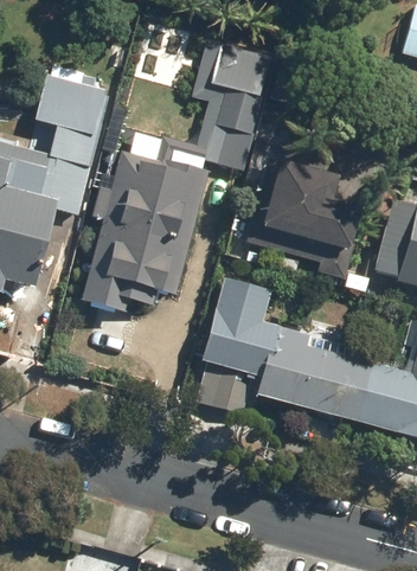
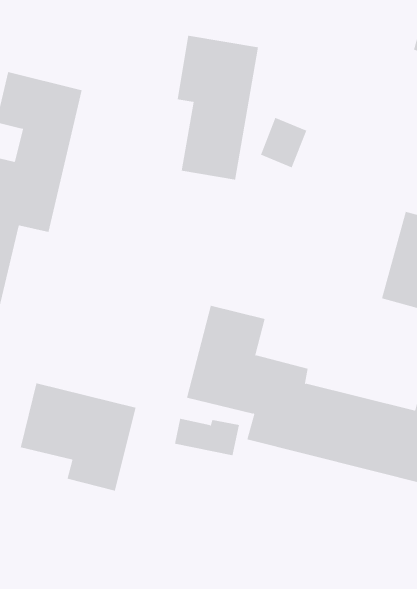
building: [82,148,210,312] -> none
building: [261,158,355,245] -> none
building: none -> [20,383,136,491]

